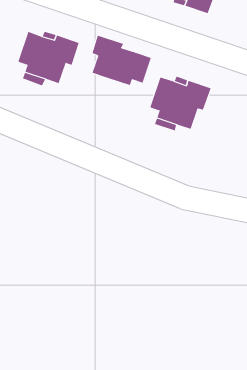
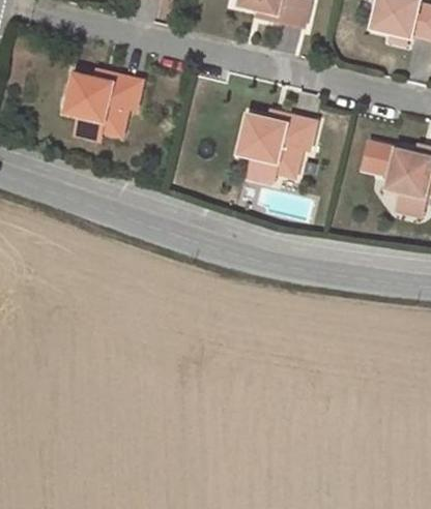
building: [92,35,151,86] -> none

